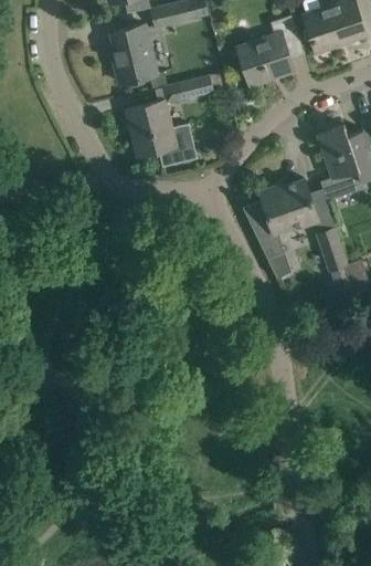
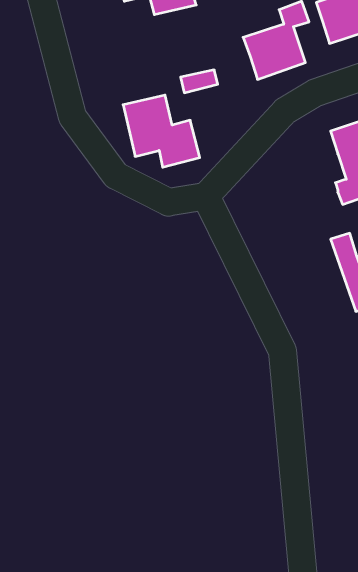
building: [112,25,156,84] -> none
building: [244,180,318,279] -> none

